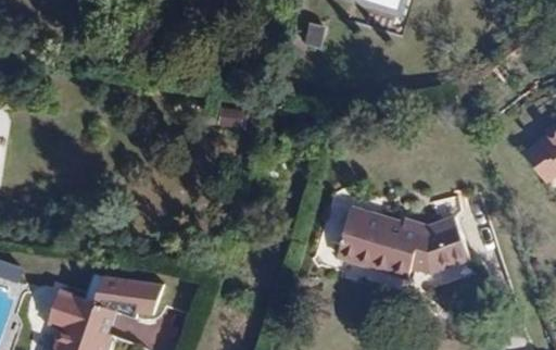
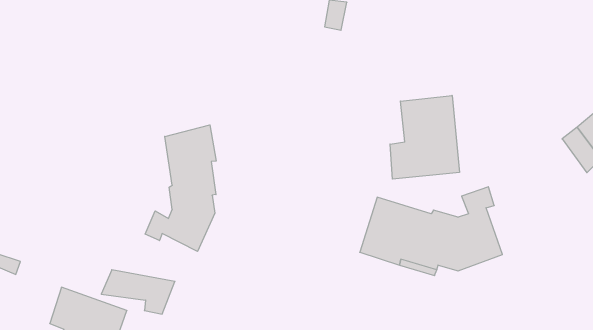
building: none -> [390,95,459,179]
building: none -> [145,125,216,251]

